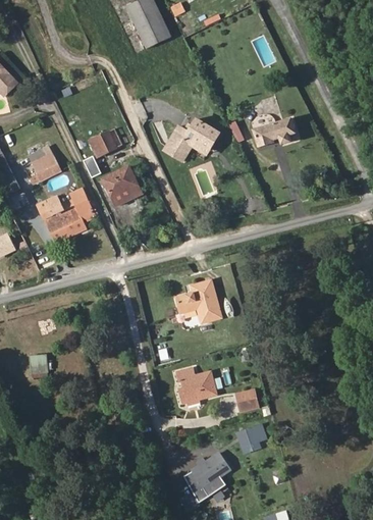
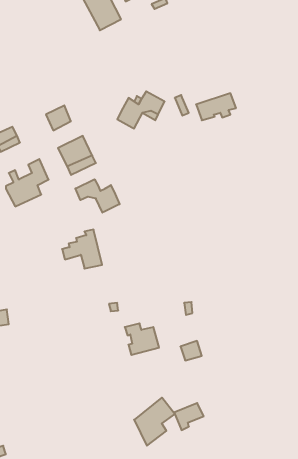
building: none -> [75,179,120,213]
building: [175,281,219,324] -> [62,230,102,269]
building: [235,424,268,454] -> [174,403,204,430]

